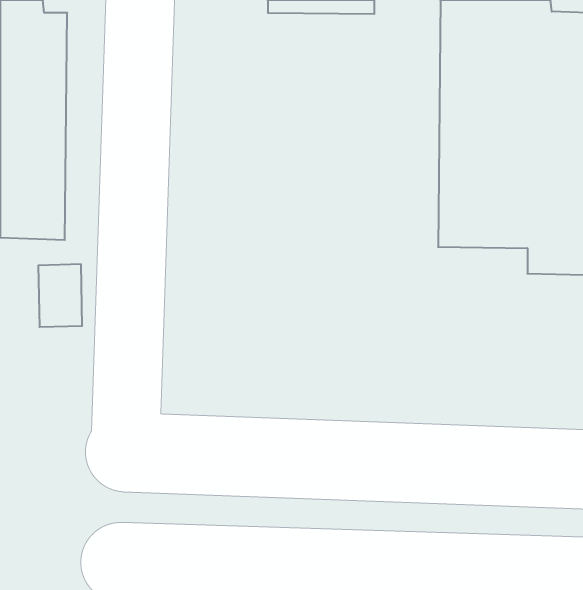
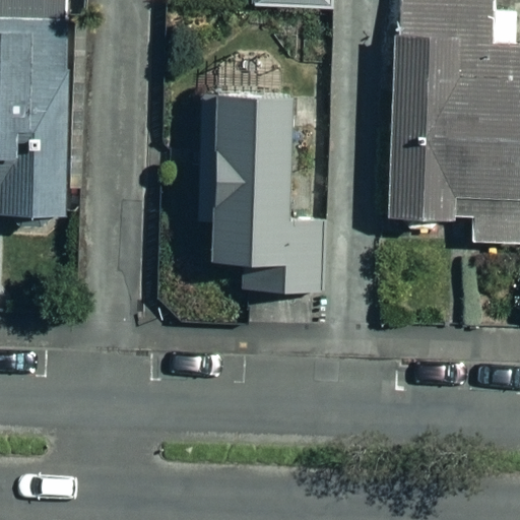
building: none -> [200,91,323,291]

